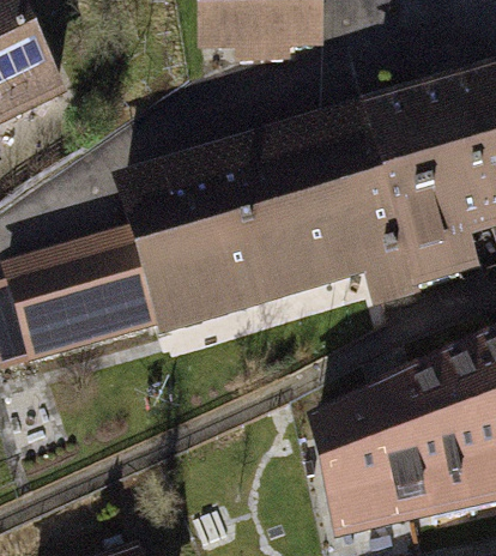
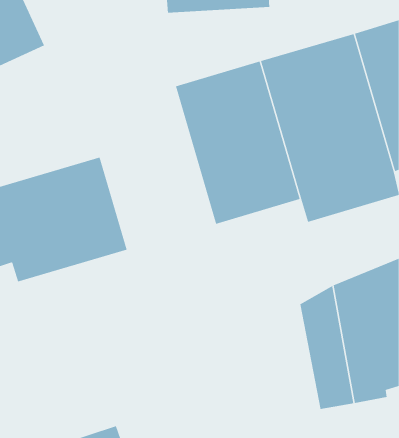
building: [125,137,277,331] -> none
building: [313,395,401,542] -> none

